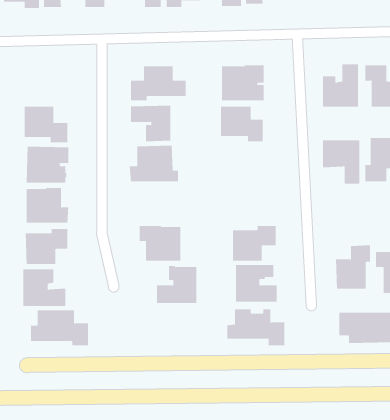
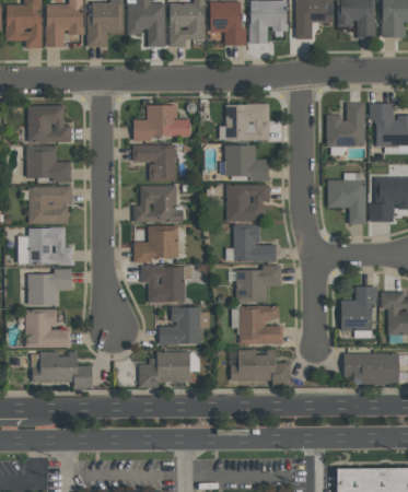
building: none -> [27,105,71,142]
building: none -> [226,185,269,221]
building: none -> [233,225,276,261]
building: none -> [133,226,178,262]
building: none -> [138,352,190,387]

